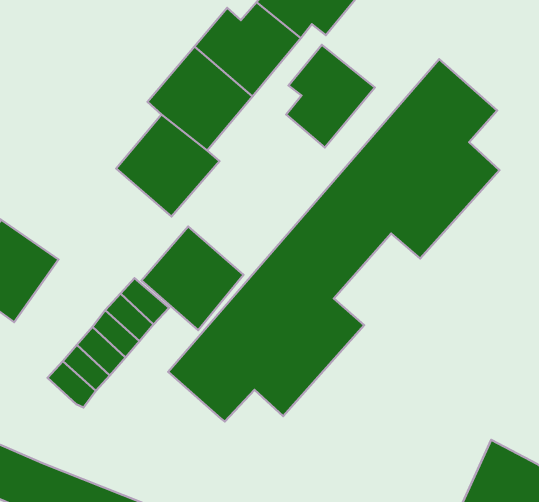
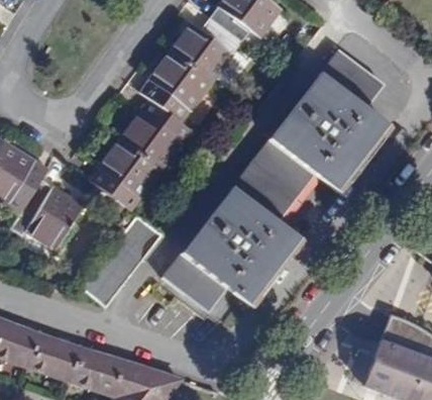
building: [286,45,375,148] -> none
building: [141,227,243,330] -> [88,139,158,211]

